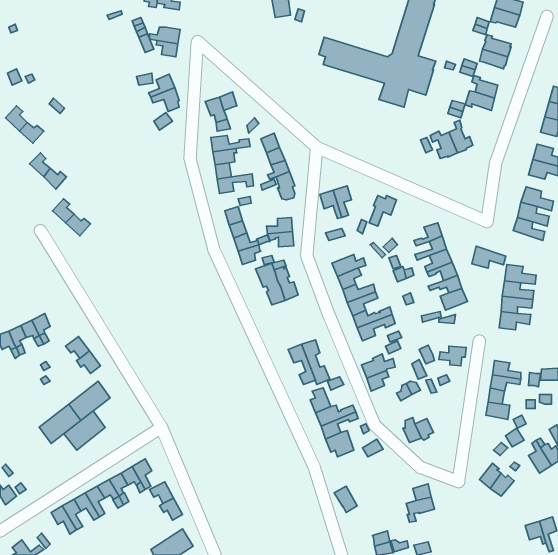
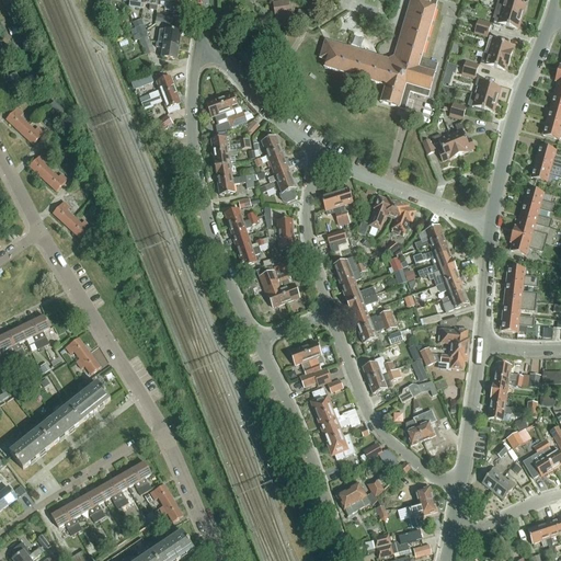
building: none -> [392,201,415,234]
building: [472,246,506,268] -> [511,231,545,253]
building: none -> [438,328,469,348]
building: [64,411,105,450] -> [10,428,51,468]
building: none -> [347,477,383,507]

